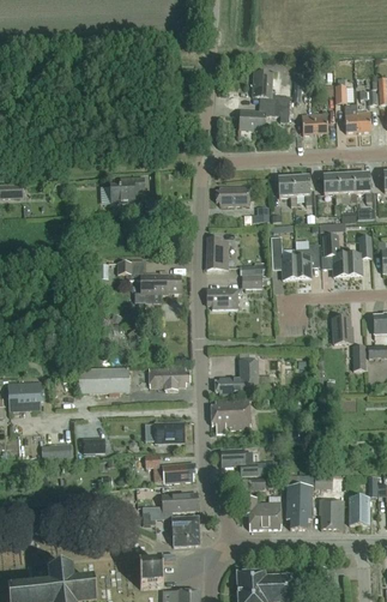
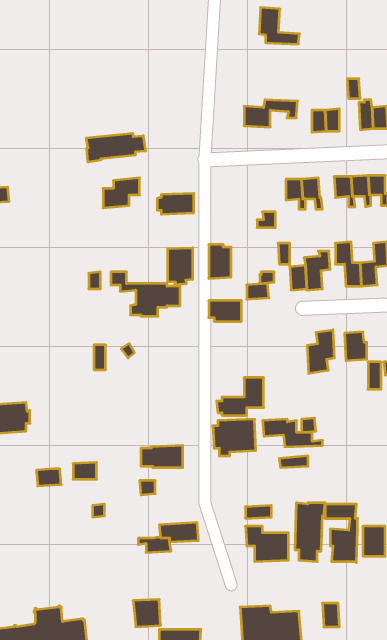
building: [253,71,290,104] -> [259,8,300,44]
building: none -> [86,133,146,162]
building: [216,185,249,204] -> [157,193,194,214]
building: none -> [168,248,193,285]
building: none -> [307,330,334,374]
building: [149,366,191,390] -> none
building: [78,367,129,392] -> none
building: [220,449,276,474] -> [263,419,323,447]
building: [163,462,195,482] -> none
building: [173,516,199,546] -> none

